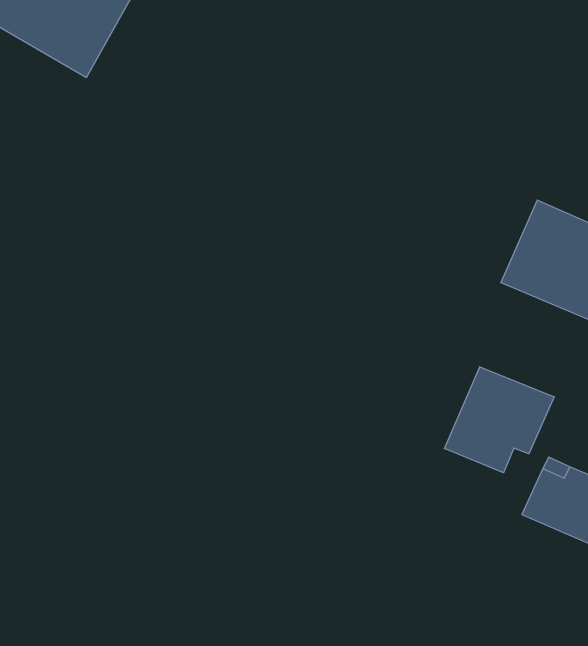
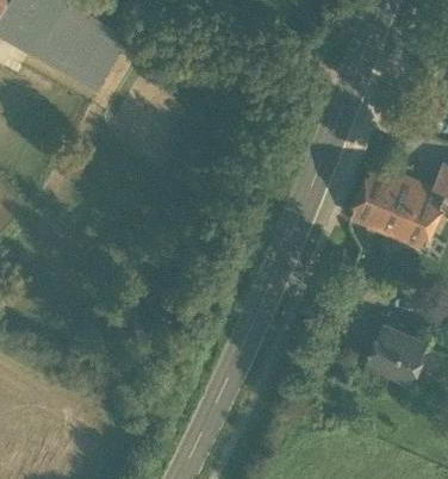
building: [444,367,554,473] -> none

